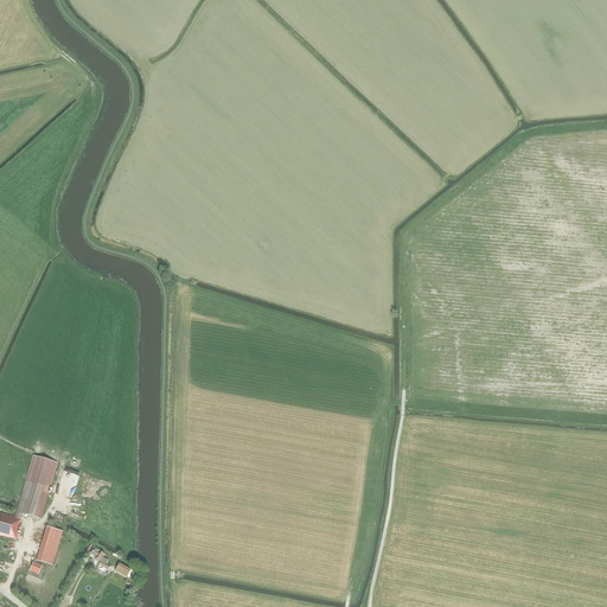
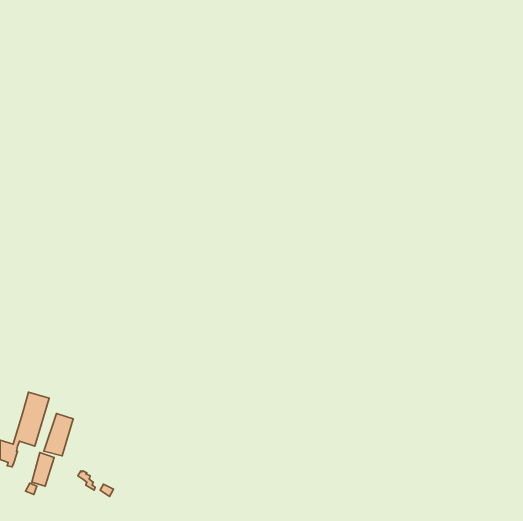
building: none -> [44,414,73,456]

